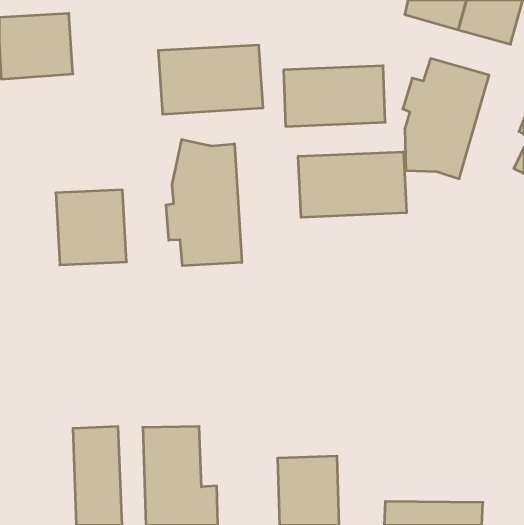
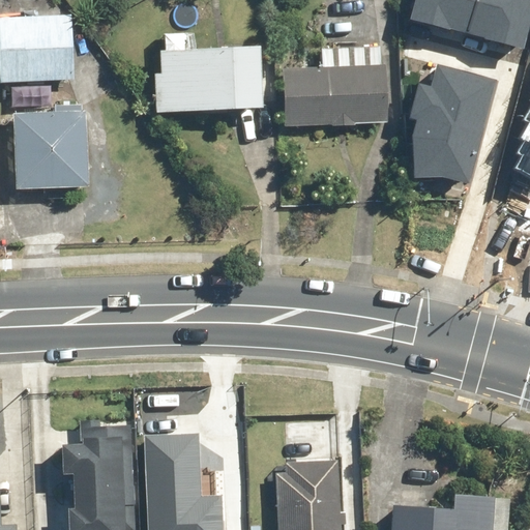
building: [166,139,242,266] -> none
building: [298,152,406,217] -> none
building: [56,190,127,265] -> [18,111,89,186]

